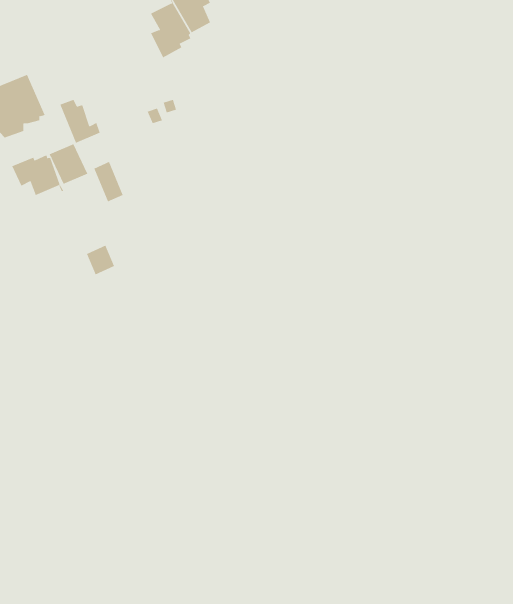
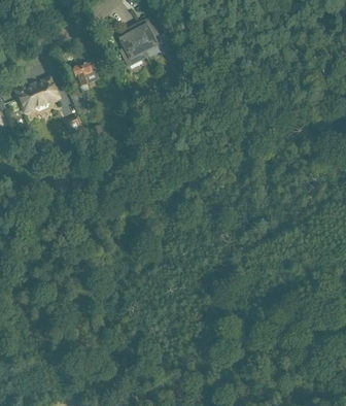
building: none -> [72,61,99,86]
building: [11,155,64,196] -> none

